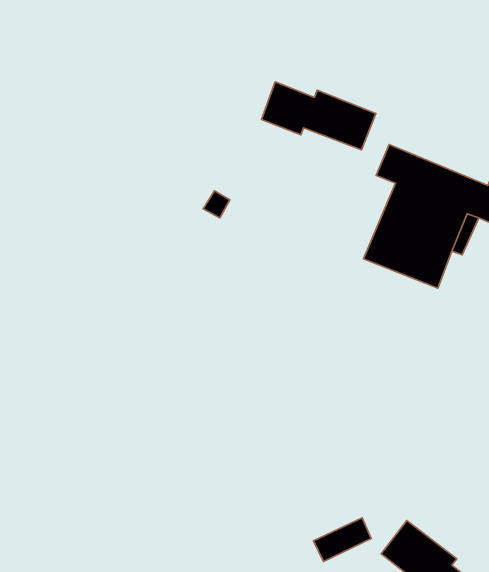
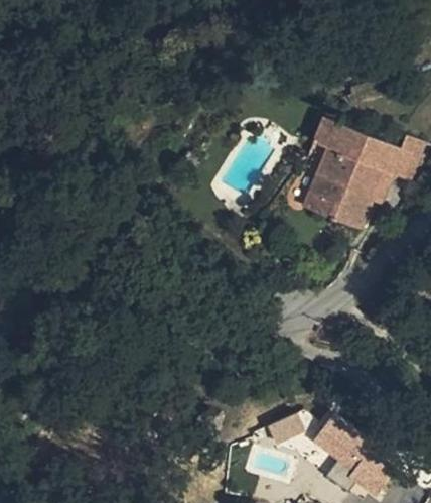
building: [261,82,376,150] -> none

